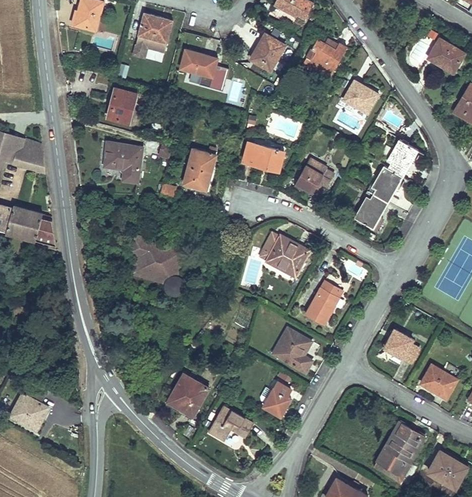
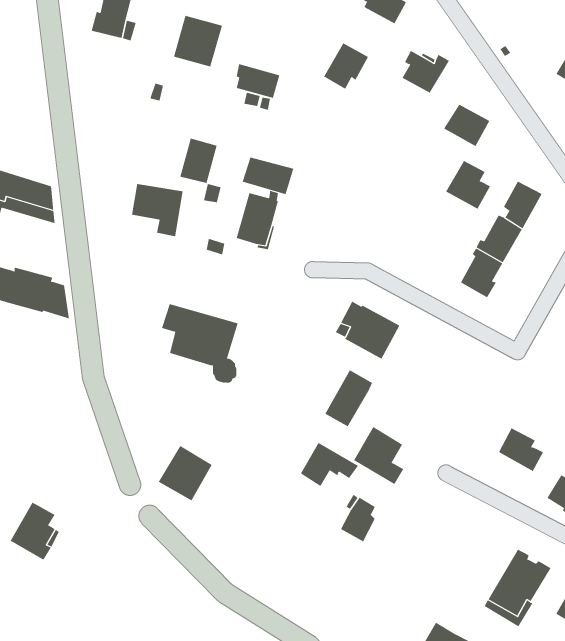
building: [108,88,137,123] -> [180,138,217,183]
building: [243,142,283,171] -> [242,157,294,195]
building: [295,159,330,197] -> [445,160,491,210]
building: [305,281,342,325] -> [325,370,373,427]
building: [167,374,209,417] -> [158,445,213,501]
building: [208,407,253,441] -> [300,442,359,487]

